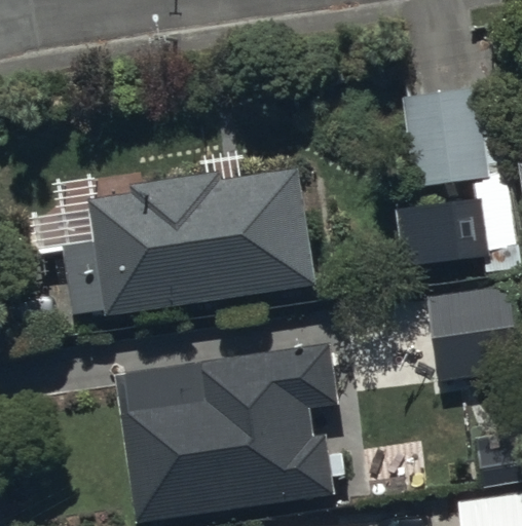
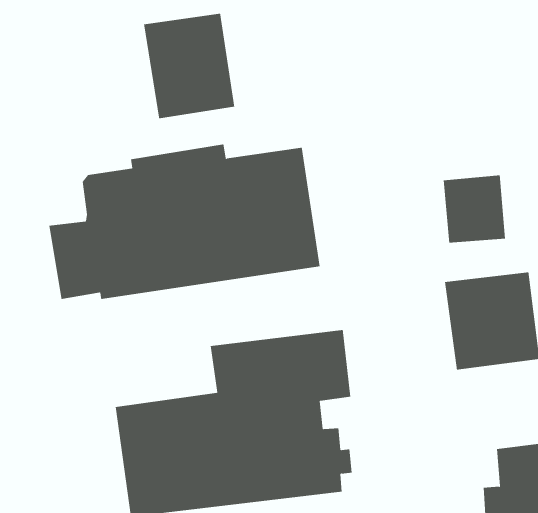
building: none -> [143,13,235,119]
building: [402,89,483,188] -> none

